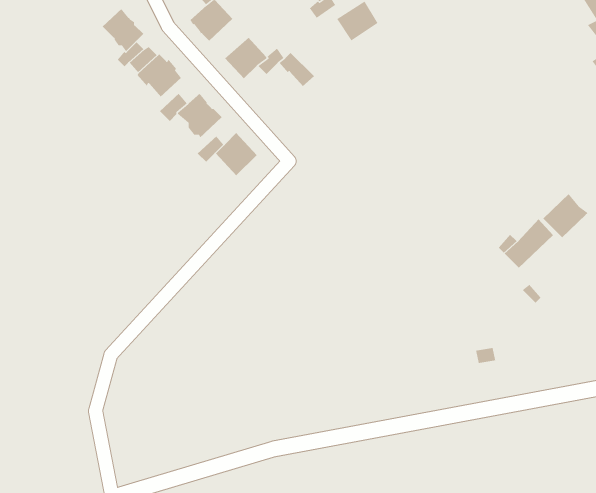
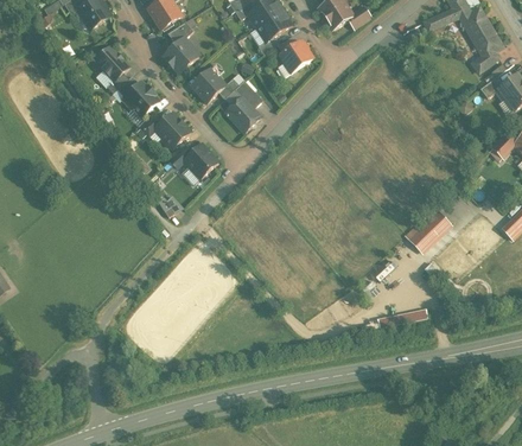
building: none -> [225,95,260,130]
building: [542,193,589,238] -> none

